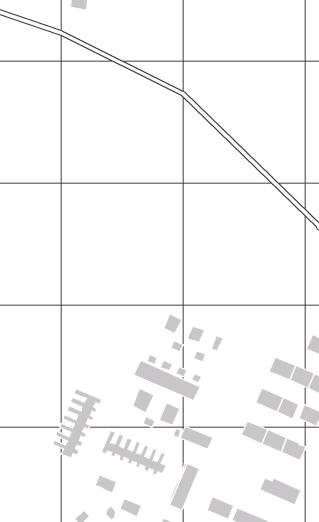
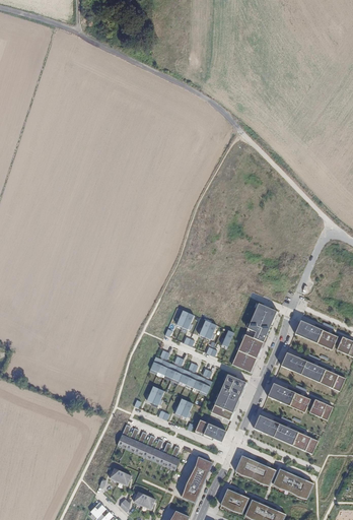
building: none -> [231,302,277,373]
building: none -> [294,320,323,343]
building: none -> [211,373,246,419]
building: [53,389,102,458] -> none
building: none -> [233,457,273,483]

